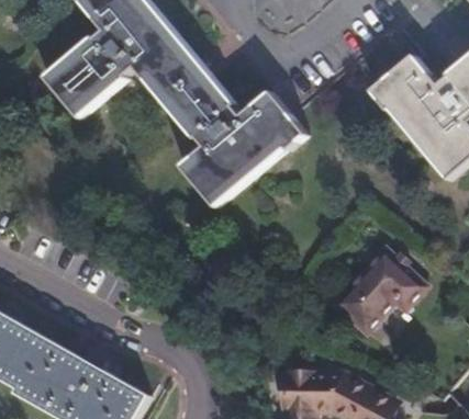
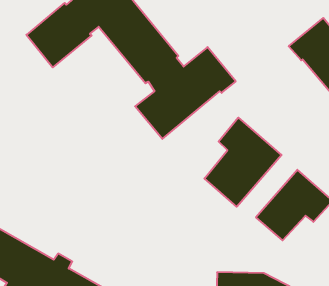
building: none -> [204,118,282,207]

